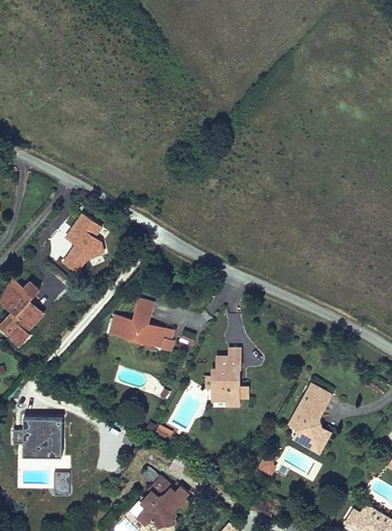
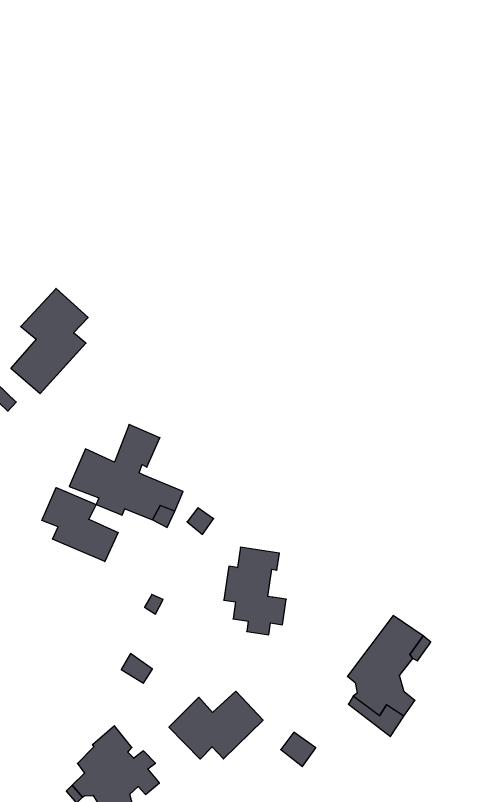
building: none -> [42,488,118,562]
building: none -> [169,691,263,759]

